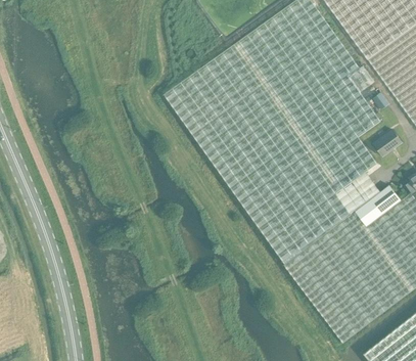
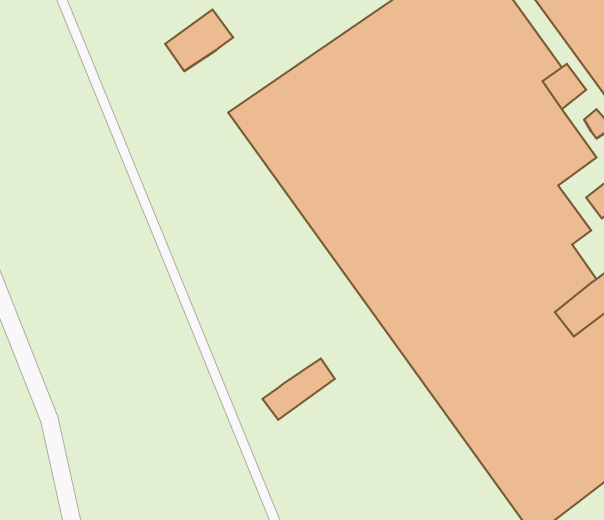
building: none -> [165,9,233,71]
building: none -> [263,358,335,420]

